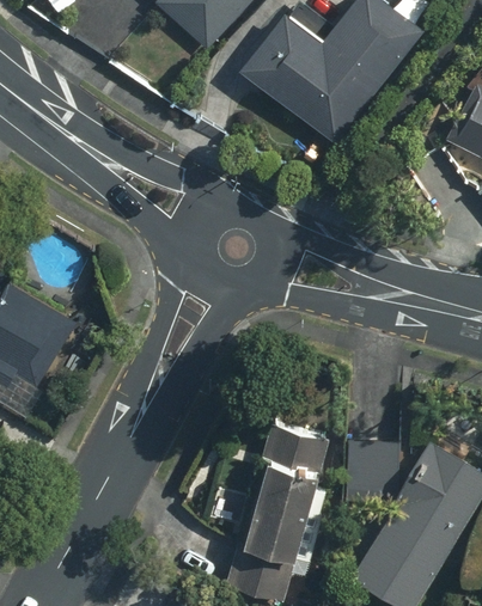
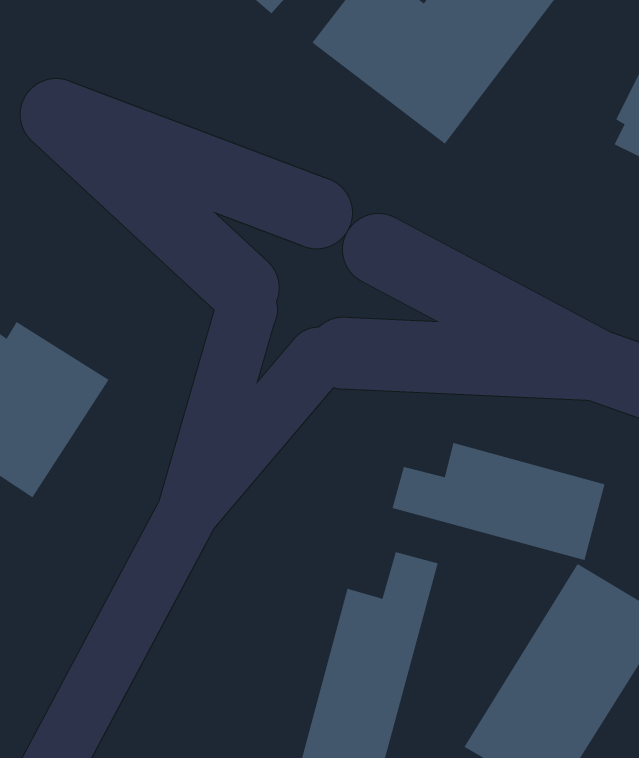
building: none -> [392,442,605,561]

